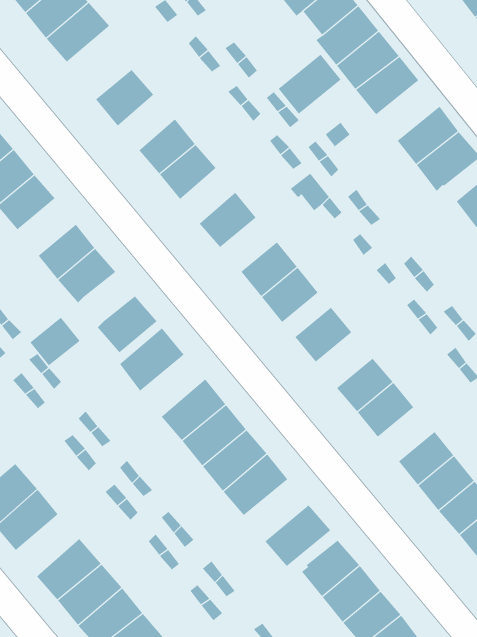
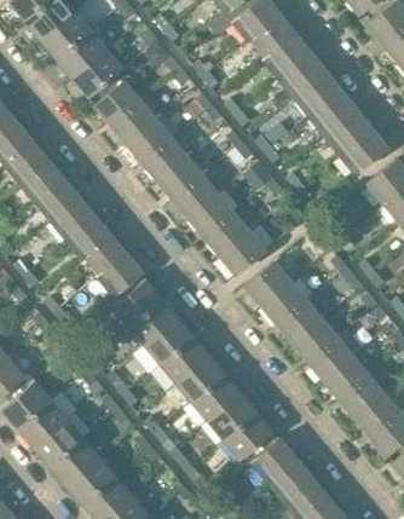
building: none -> [73,48,122,97]
building: [278,54,342,115] -> [307,90,356,135]
building: none -> [111,100,155,143]
building: none -> [158,156,201,198]
building: none -> [35,179,80,223]
building: none -> [189,194,232,235]
building: [29,317,80,366] -> [86,235,125,272]
building: none -> [261,281,305,323]
building: none -> [128,298,178,345]
building: none -> [308,338,352,379]
building: none -> [207,392,256,439]
building: none -> [34,419,82,466]

